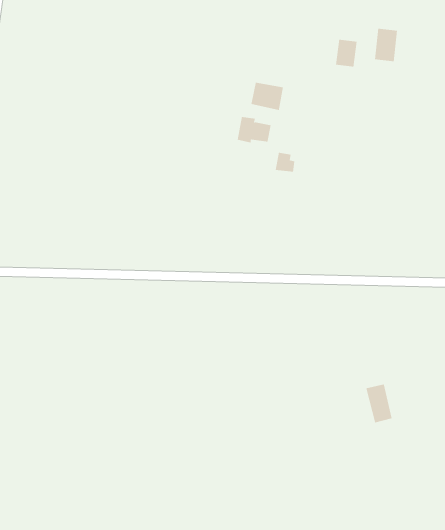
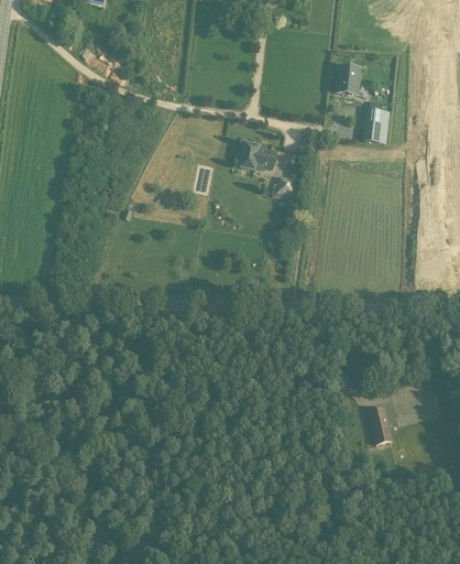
building: [374,28,398,62] -> [364,107,387,140]
building: [251,82,284,111] -> none

